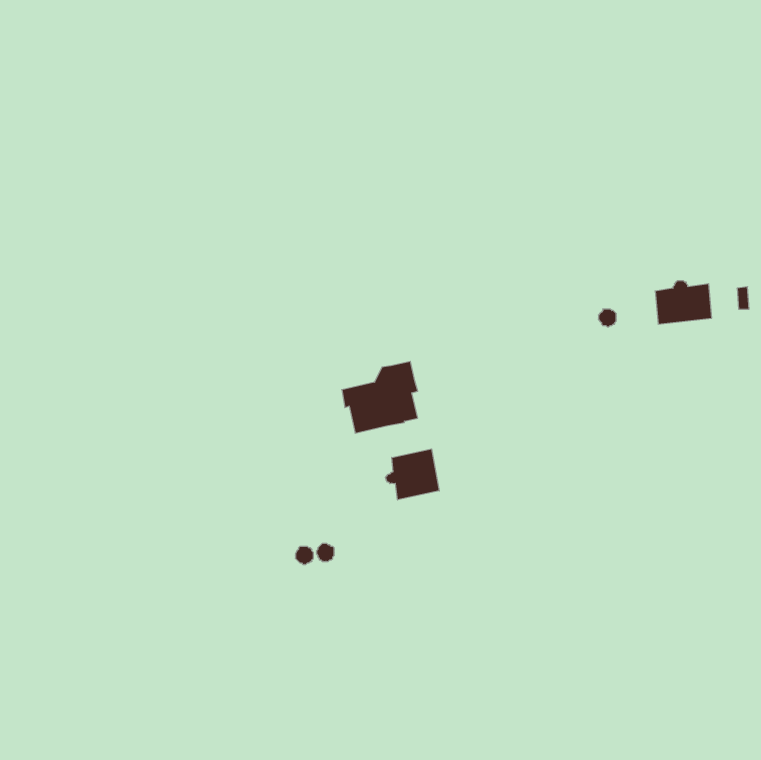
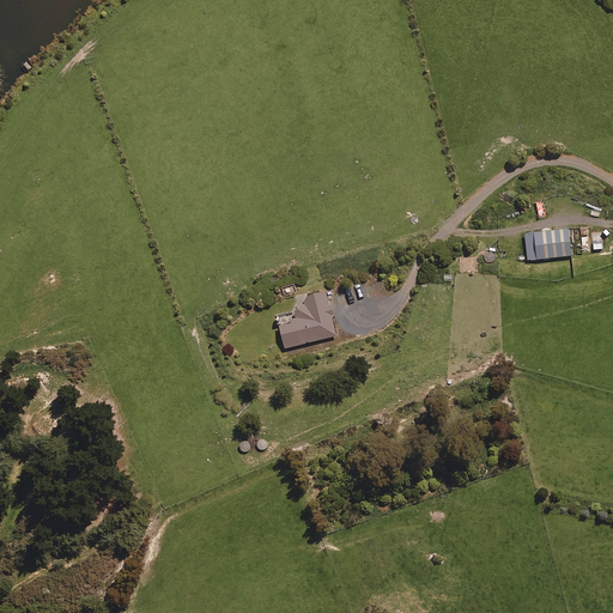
building: [386,449,439,500] -> none

